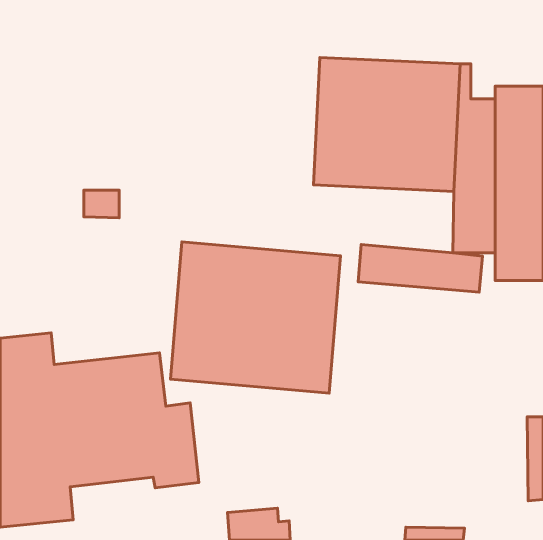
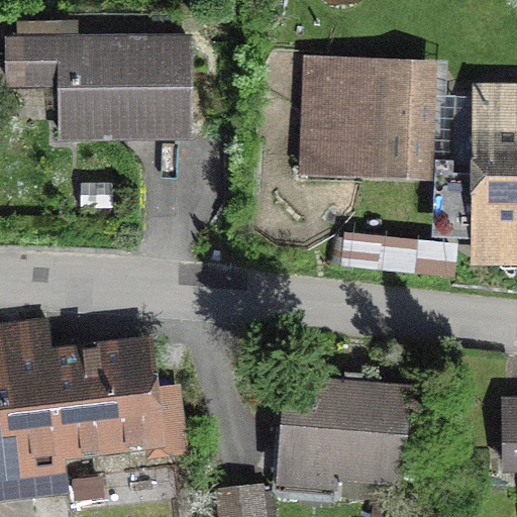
building: none -> [4,18,193,142]
building: [170,242,341,393] -> none
building: none -> [276,372,411,493]

